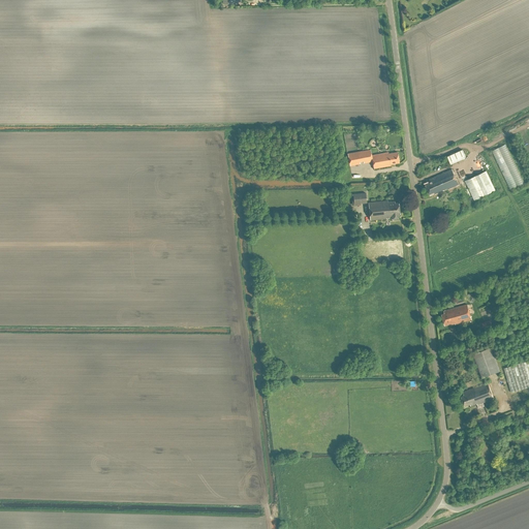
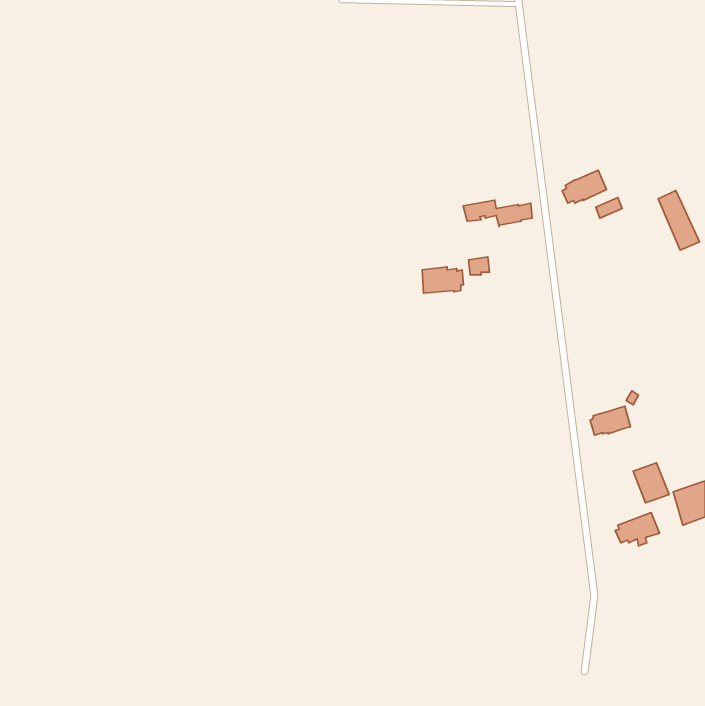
building: [425,169,458,194] -> [562,170,607,203]
building: [464,172,494,200] -> none
building: [368,200,399,220] -> [422,267,464,293]

